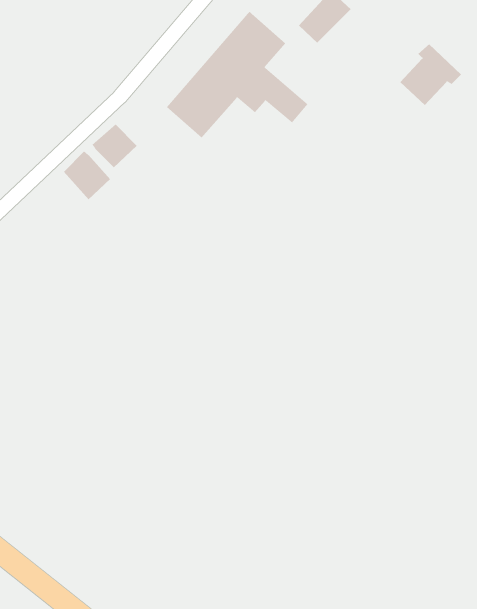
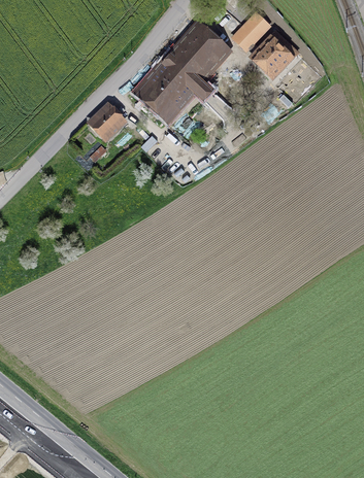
building: [400,43,462,106] -> [253,32,296,75]
building: [63,151,111,200] -> none

